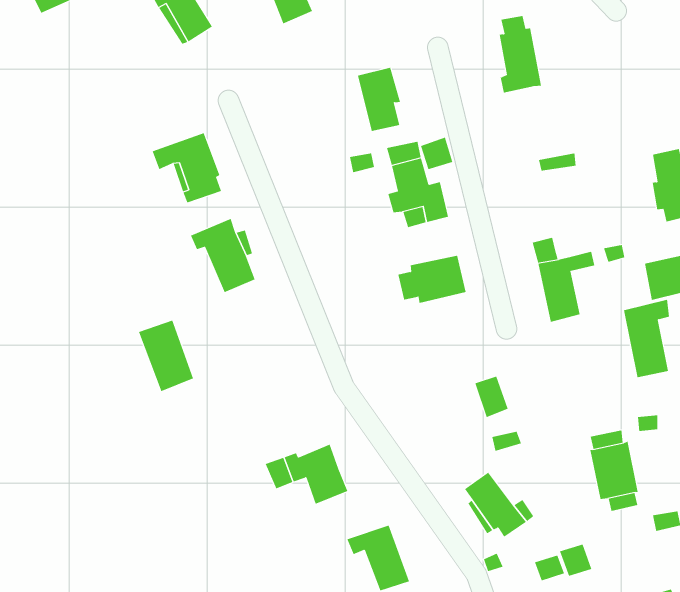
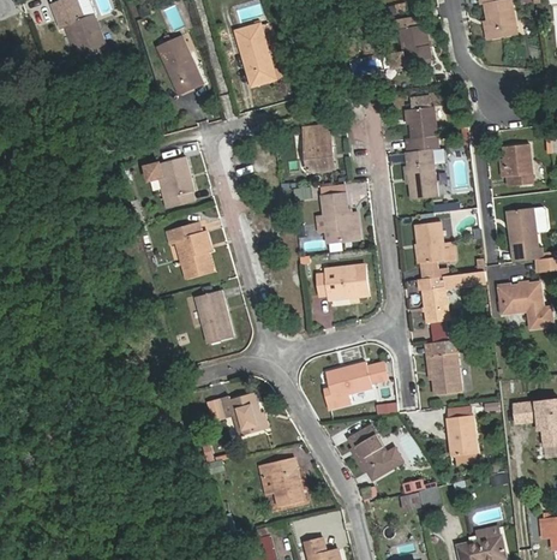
building: none -> [499,139,527,180]
building: none -> [403,149,436,197]
building: none -> [414,221,453,261]
building: [623,299,670,378] -> [429,339,462,394]
building: [138,320,194,392] -> [194,291,232,342]
building: none -> [327,367,361,407]

